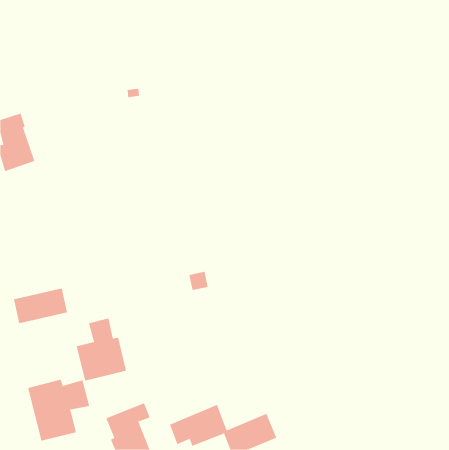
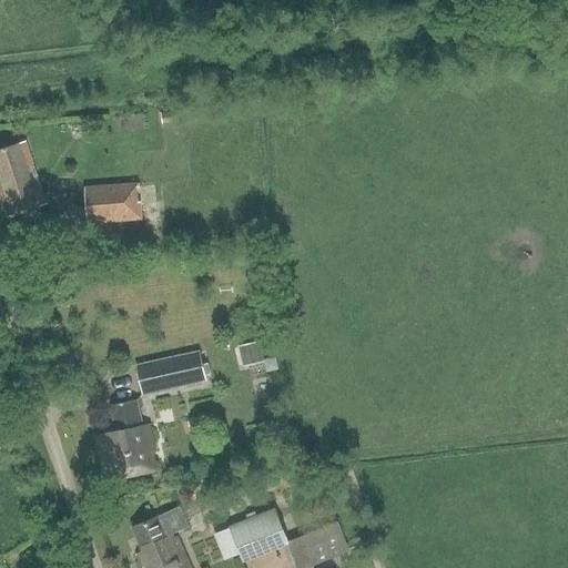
building: none -> [83,182,142,224]
building: [13,288,68,324] -> [136,351,205,396]
building: [28,379,90,442] -> none

